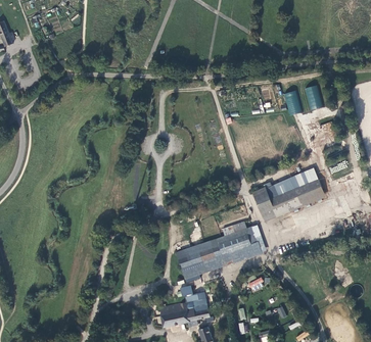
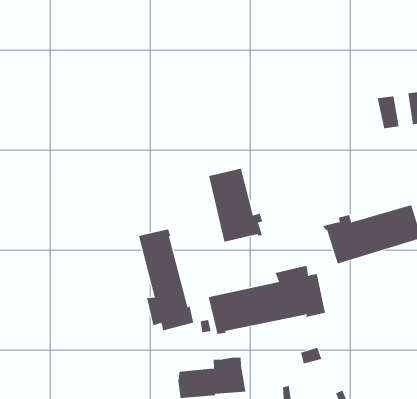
building: none -> [209,168,263,243]
building: none -> [139,228,194,331]

